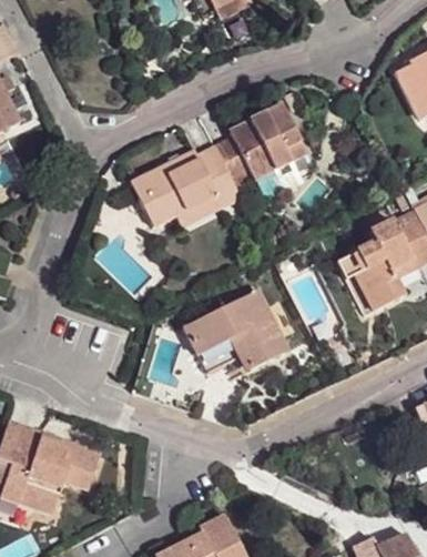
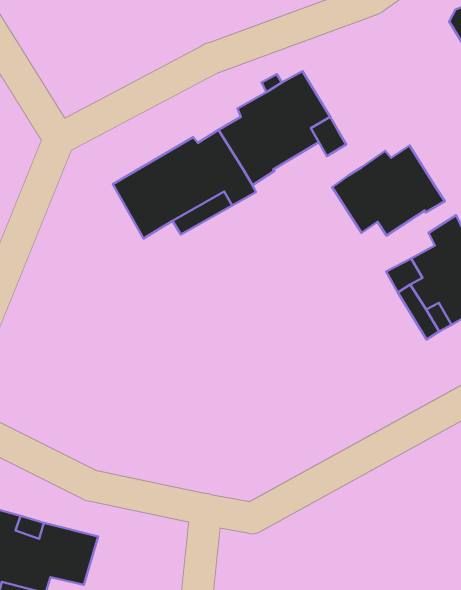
building: none -> [332,145,445,236]
building: [183,290,287,372] -> none

